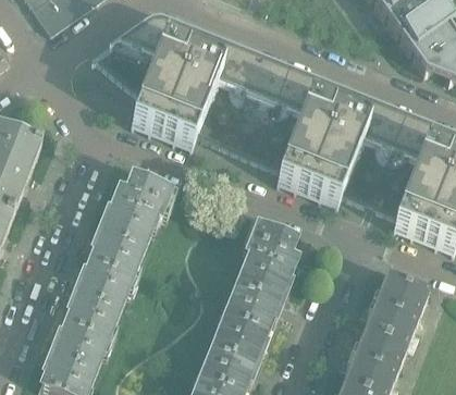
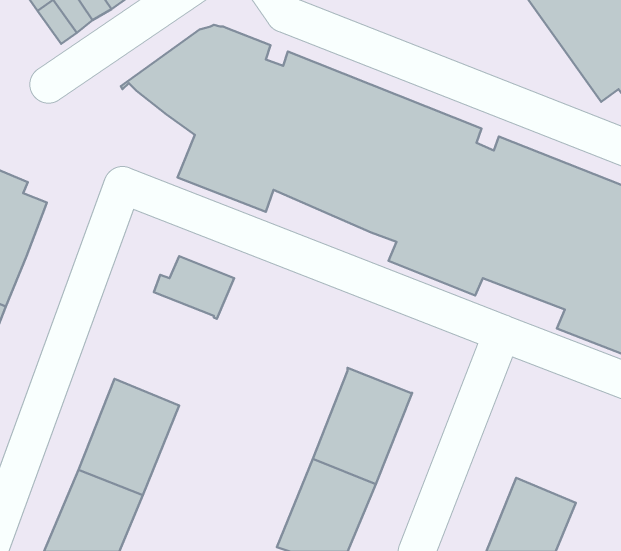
building: [87,202,156,282] -> none
building: [246,229,296,273] -> none
building: [365,279,428,349] -> none

